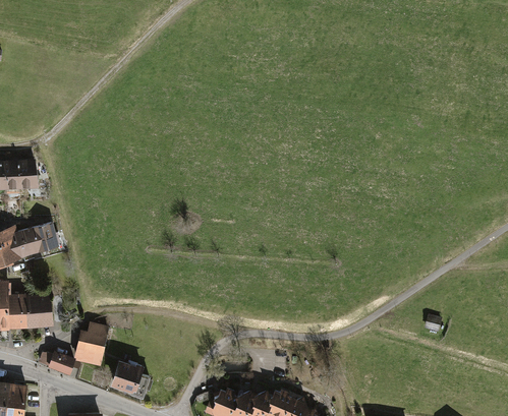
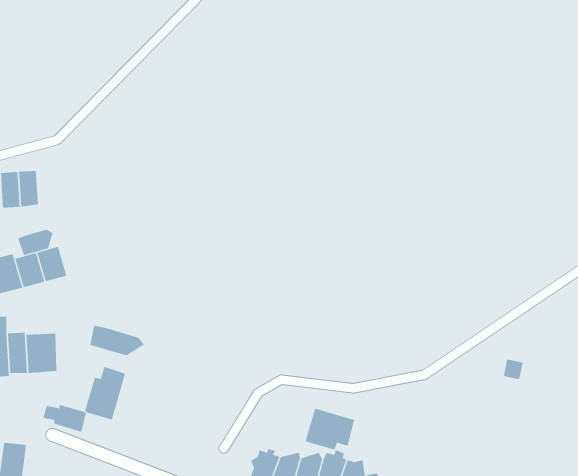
building: none -> [17,229,53,256]
building: none -> [90,325,144,356]
building: none -> [305,408,355,451]
building: [109,360,153,398] -> none

